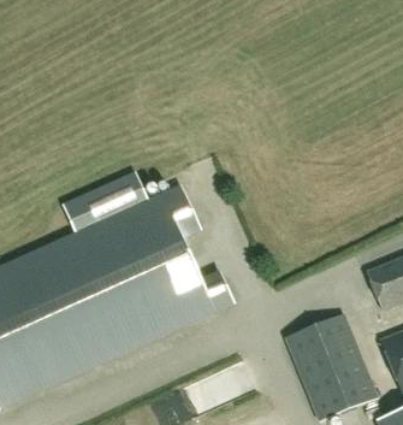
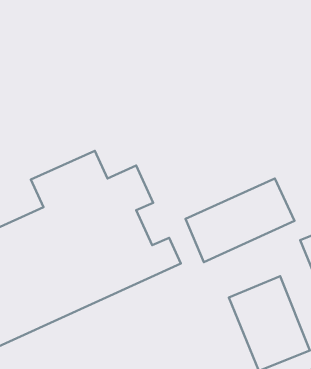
building: none -> [185,179,294,262]

